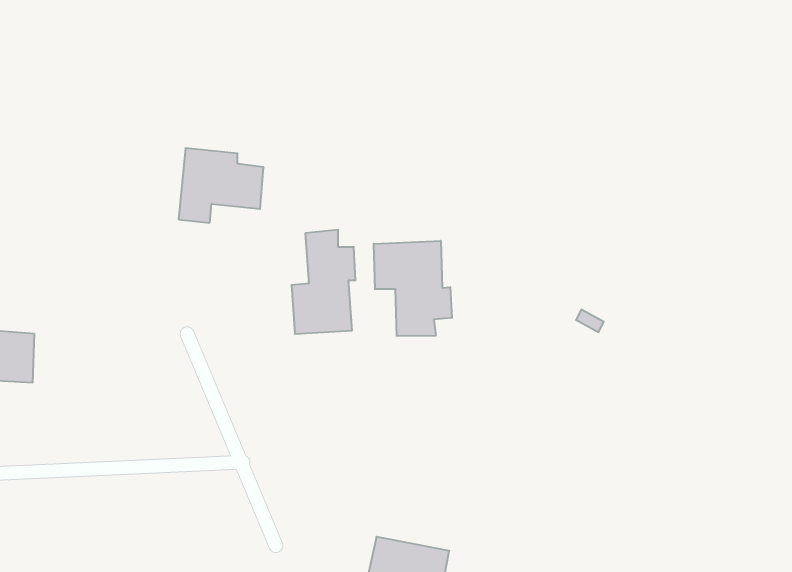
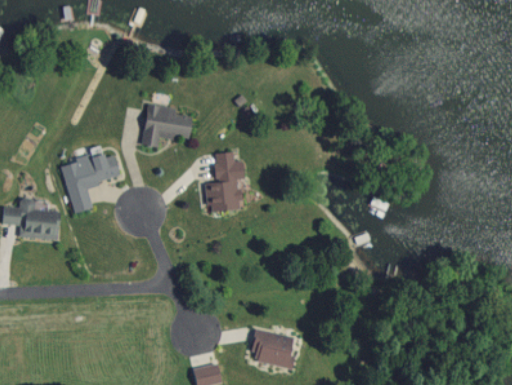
building: none -> [62,152,120,213]
building: [374,241,452,336] -> none

